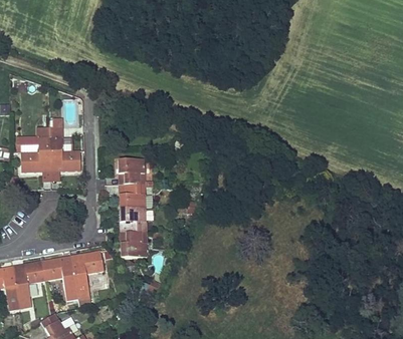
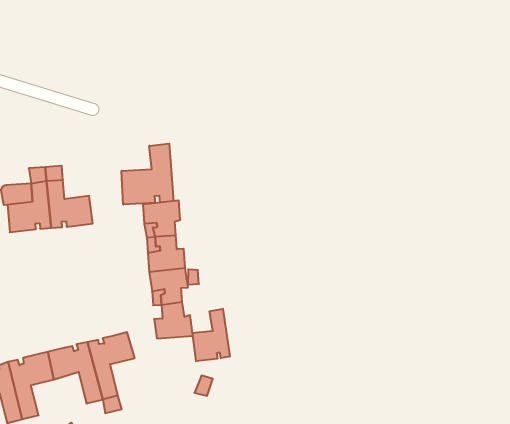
building: none -> [122,144,174,205]
building: none -> [193,309,230,361]

